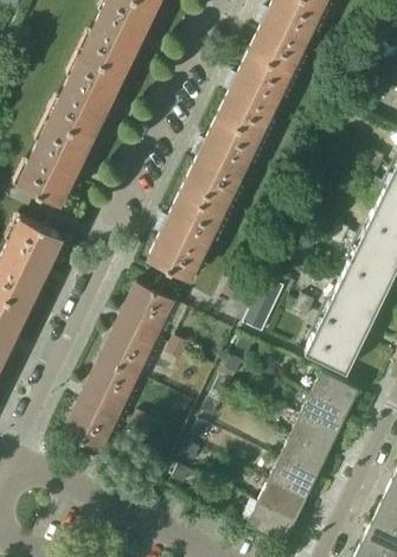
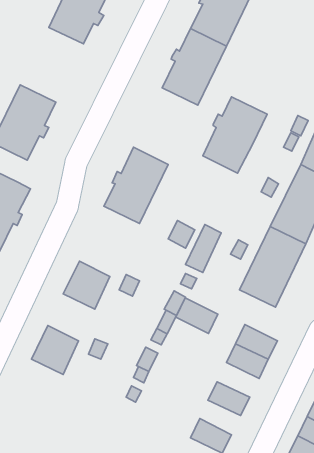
building: [50,49,123,135] -> none
building: [181,119,256,207] -> [203,97,267,173]
building: [119,282,172,338] -> none
building: [82,358,136,412] -> none
building: [310,371,359,412] -> [176,298,218,334]
building: [278,437,327,478] -> none
building: [258,481,306,521] -> none

